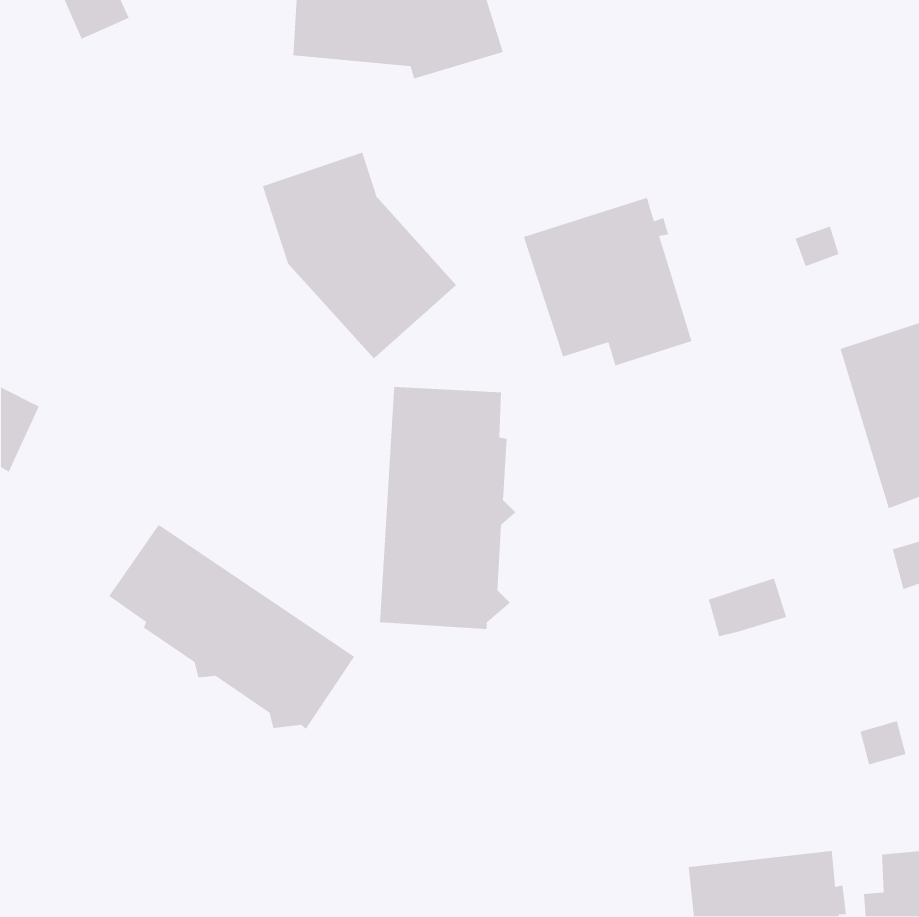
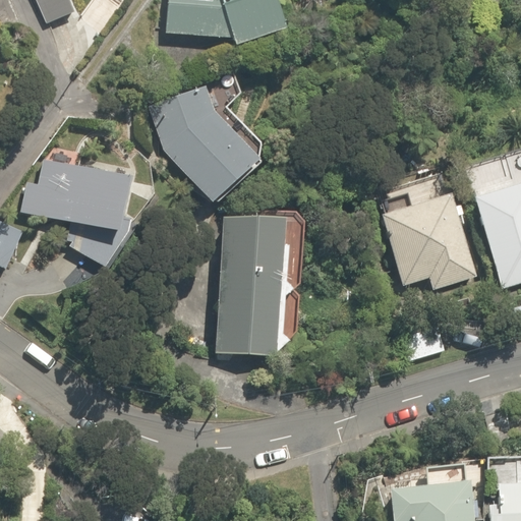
building: [523,197,693,367] -> [382,192,477,288]
building: none -> [21,158,132,268]
building: [108,524,355,730] -> none

